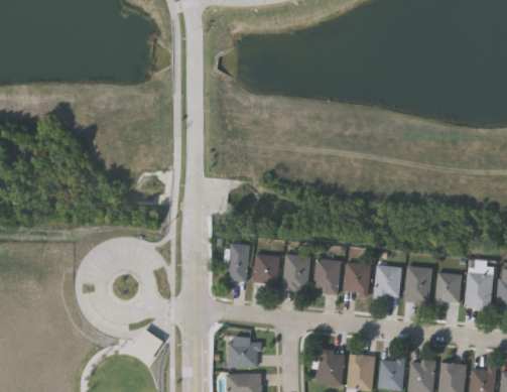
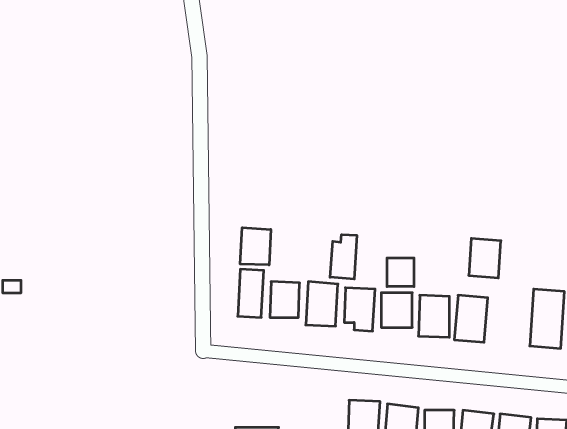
building: none -> [240,228,271,265]
building: none -> [330,235,357,279]
building: none -> [387,258,414,287]
building: [435,272,462,304] -> [469,238,501,278]
building: [228,343,259,367] -> none

